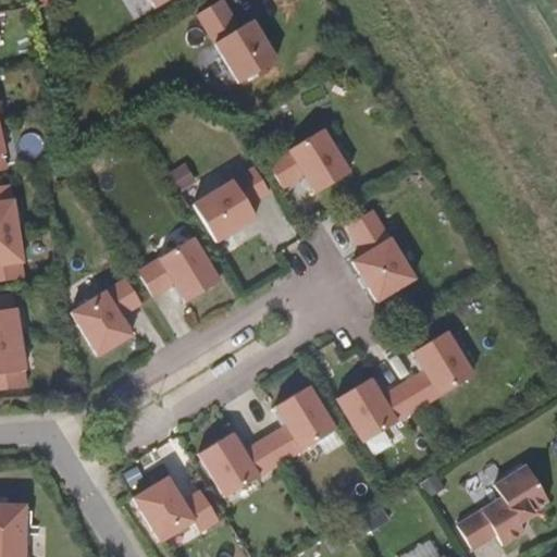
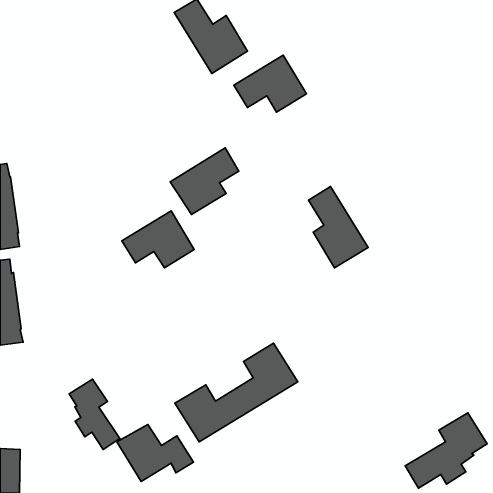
building: [268,128,349,193] -> [234,55,306,112]
building: [71,278,141,356] -> none
building: [336,331,473,442] -> none
building: none -> [69,379,120,449]

